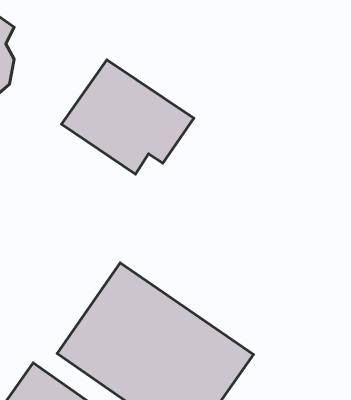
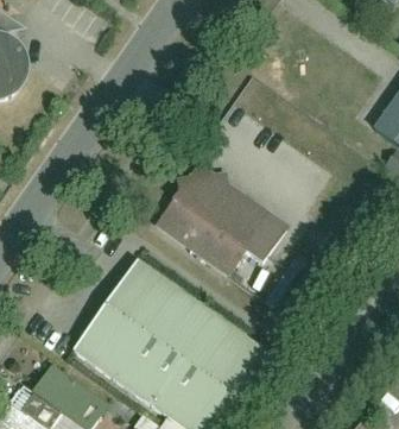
building: [62,60,194,174] -> [160,157,292,271]

